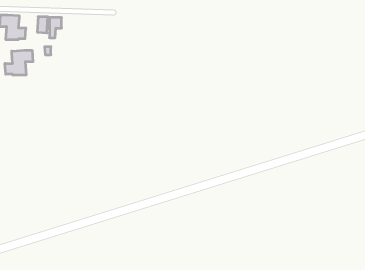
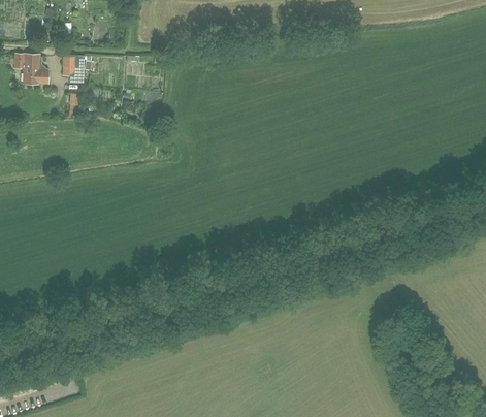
building: [5,50,33,75] -> none

